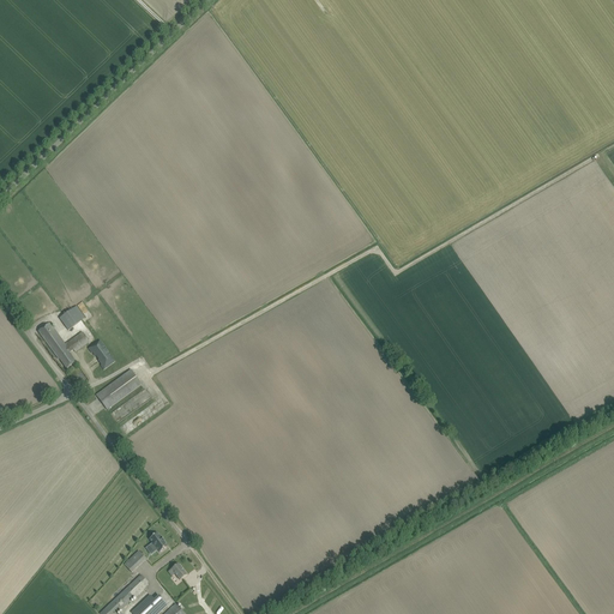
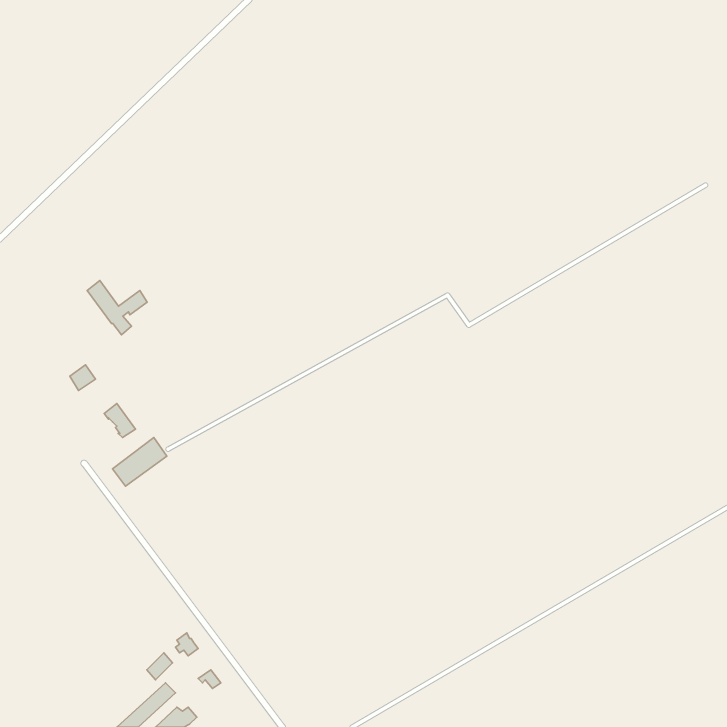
building: [37,323,88,368] -> [87,281,147,335]

